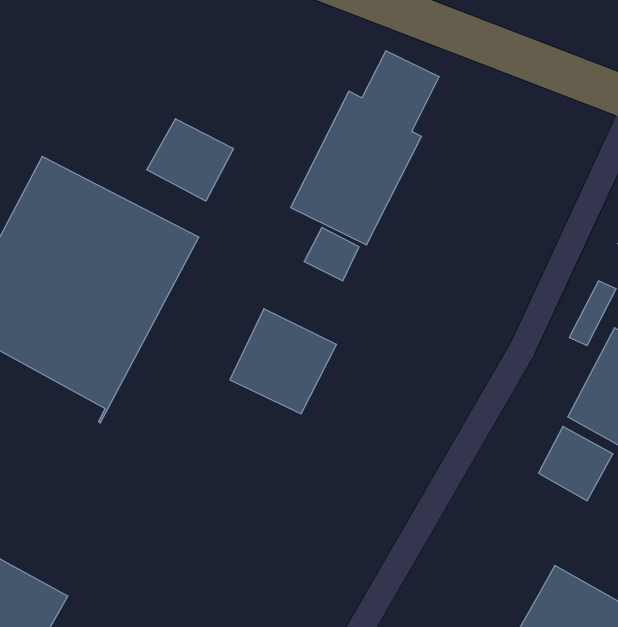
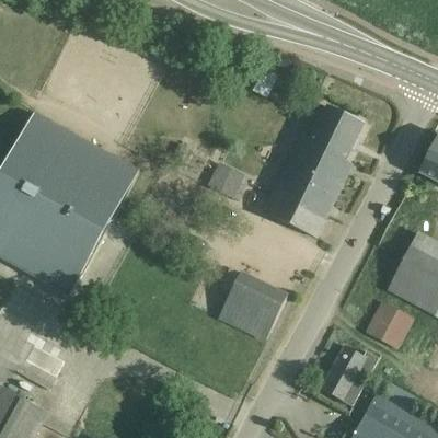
building: [291,51,439,245] -> [263,106,364,238]
building: [147,119,233,201] -> none
building: [230,309,337,414] -> [217,270,289,342]
building: none -> [320,345,379,406]

